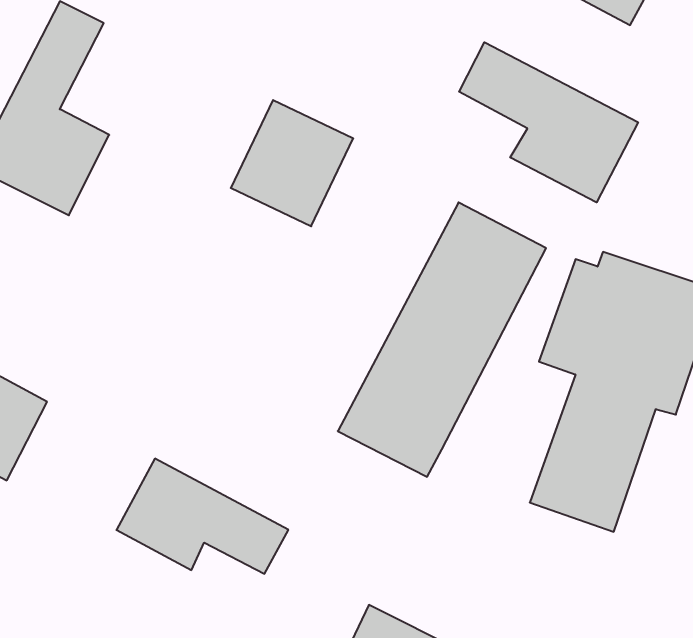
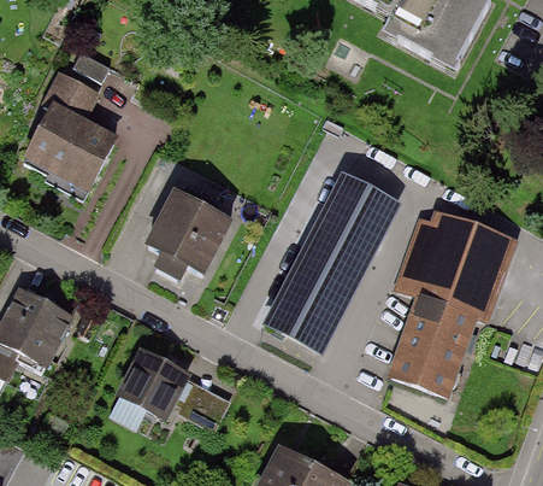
building: [459,42,638,202] -> none
building: [231,100,353,226] -> [146,191,226,274]

